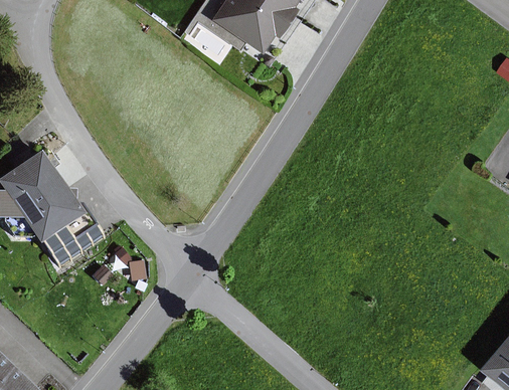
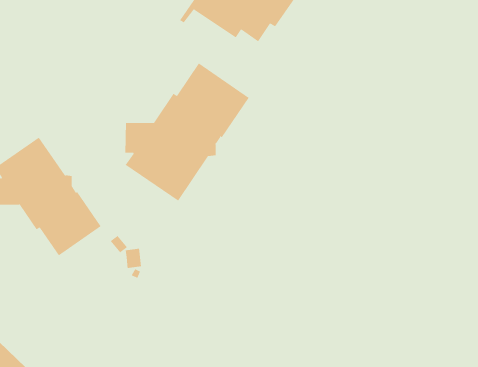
building: none -> [125,62,250,201]

